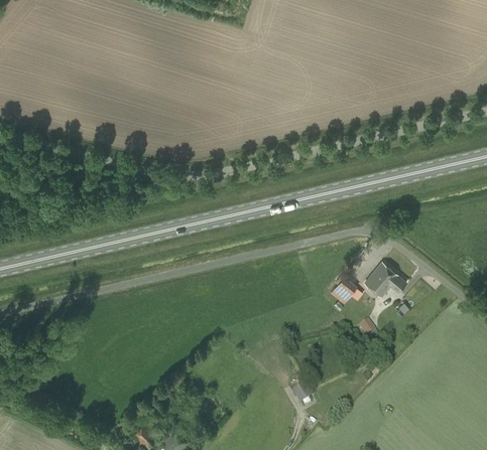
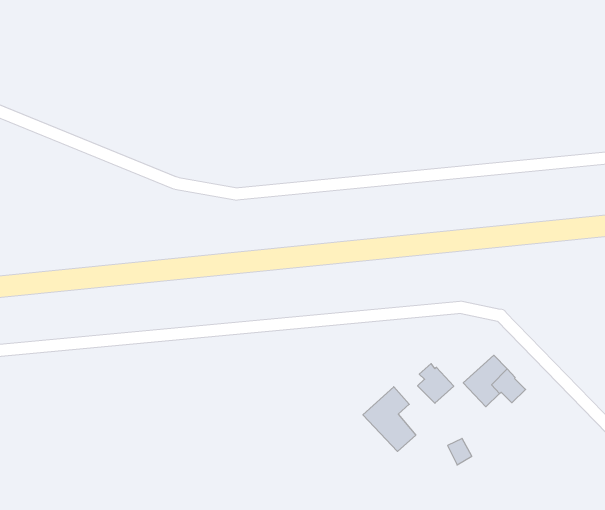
building: none -> [363,387,416,451]

